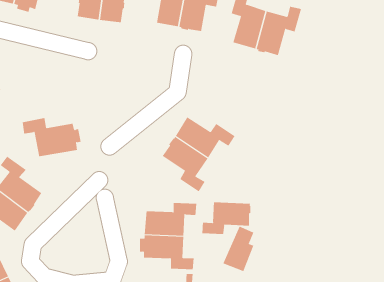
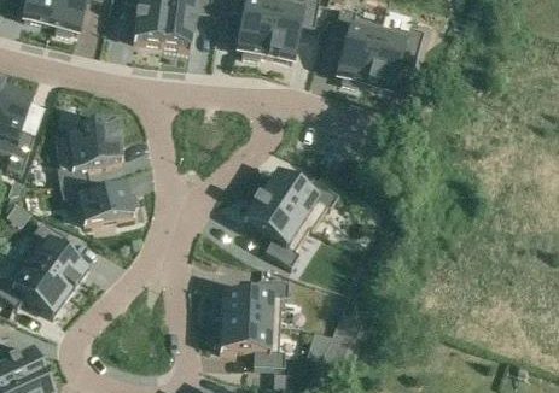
building: none -> [57,115,123,176]
building: [202,201,251,235] -> none

